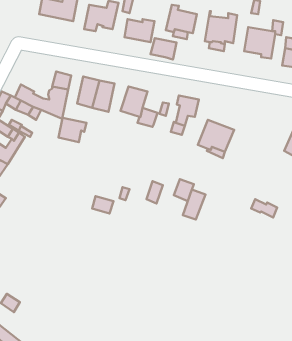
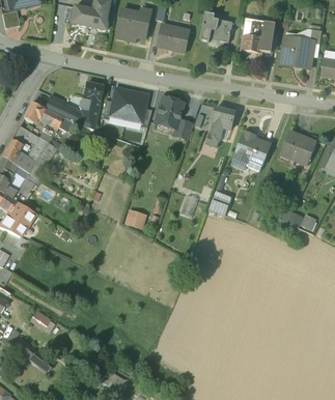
building: [151,38,177,60] -> none
building: [58,118,87,142] -> none
building: none -> [279,130,316,165]
building: [183,190,205,220] -> none

